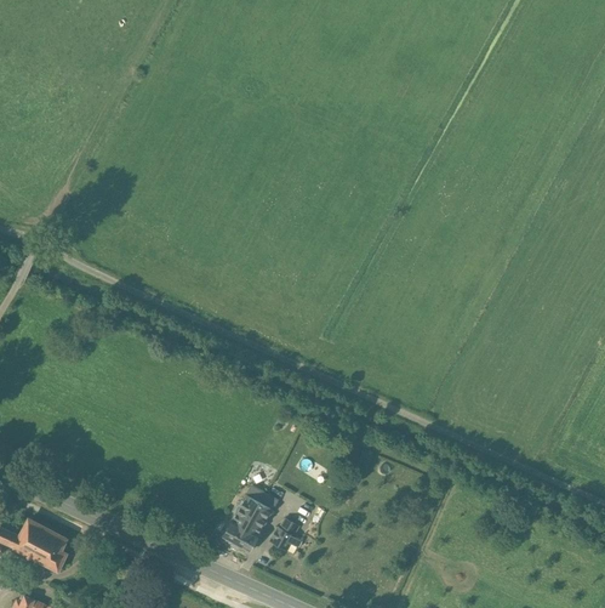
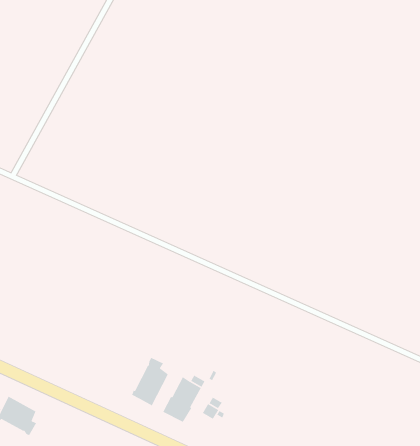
building: none -> [131,357,169,407]

